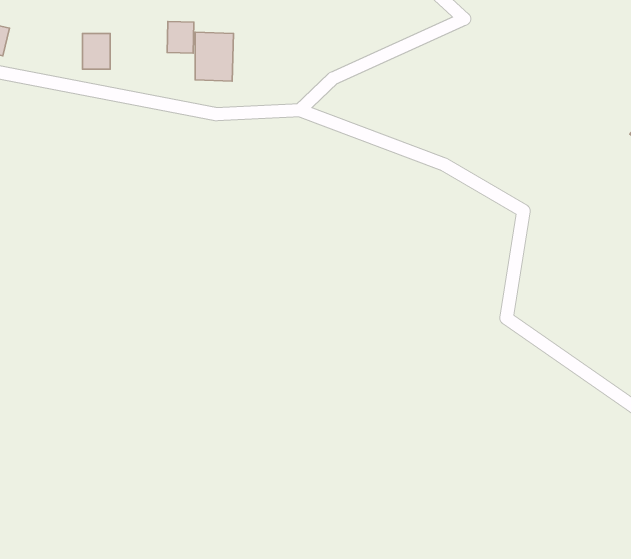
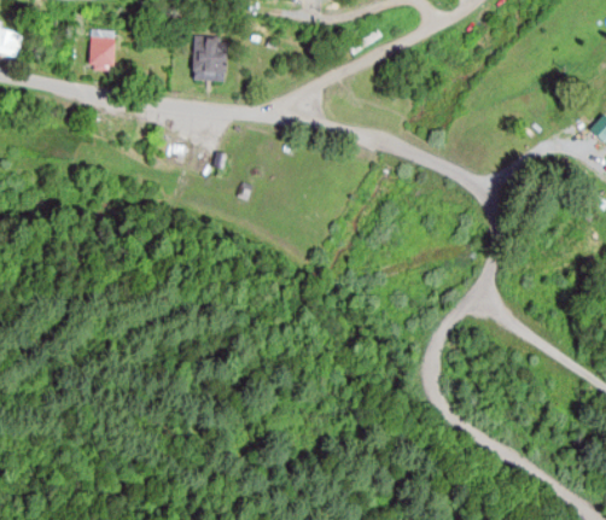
building: [167,22,194,53] -> none

